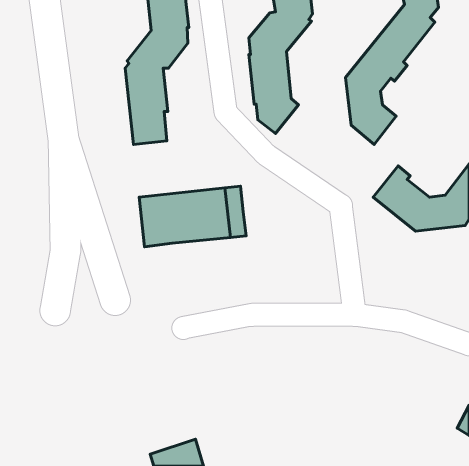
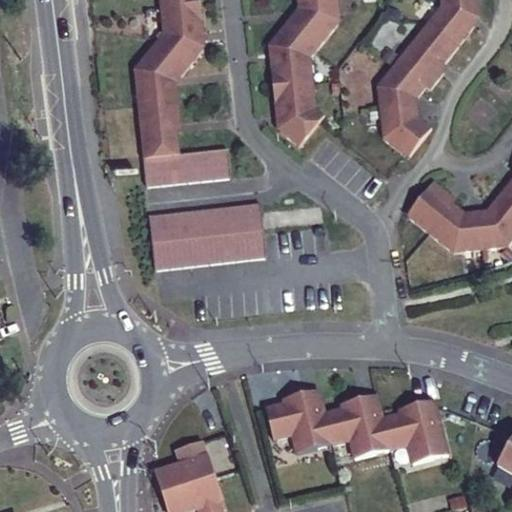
building: none -> [145,148,231,184]
building: none -> [263,389,447,463]
building: none -> [155,439,213,493]

